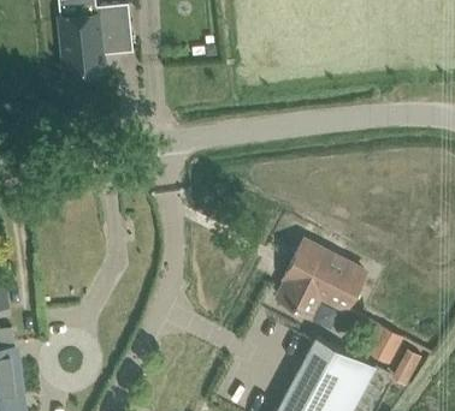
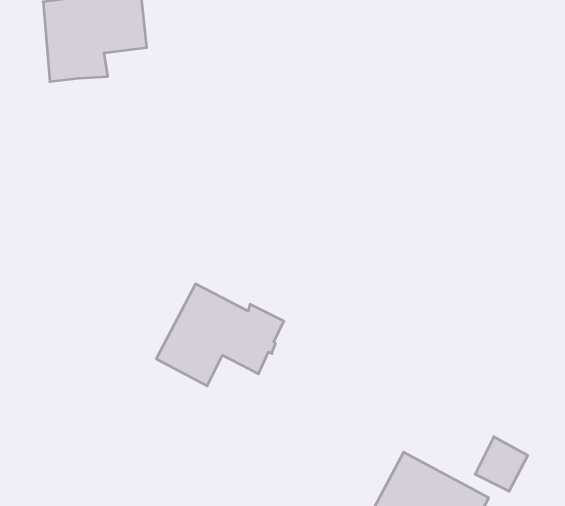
building: [273,246,364,318] -> [156,284,284,386]

